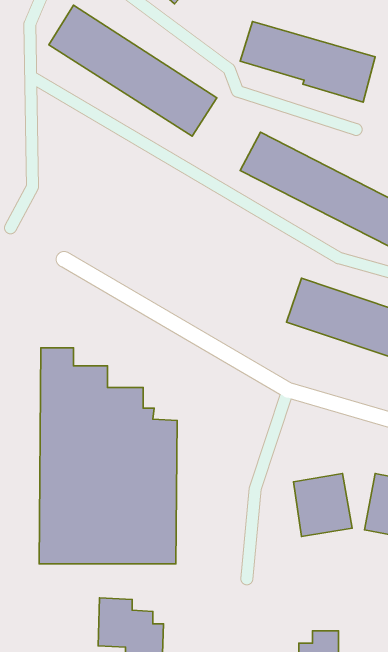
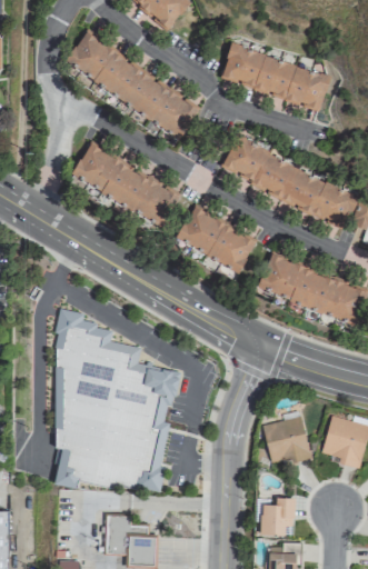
building: none -> [70,146,180,224]
building: none -> [176,207,256,272]
building: none -> [261,496,294,533]

